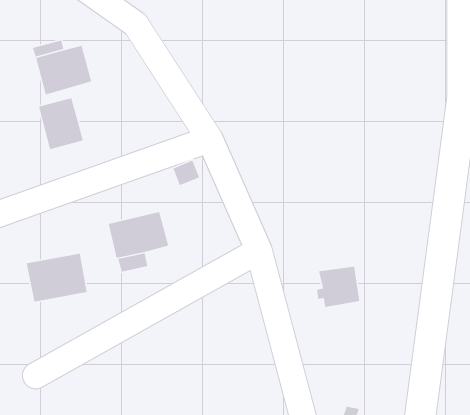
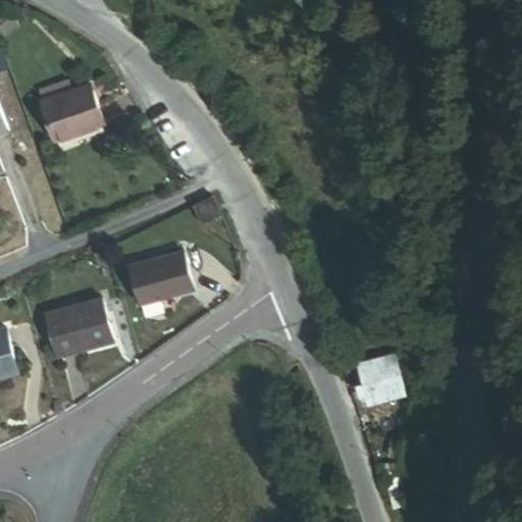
building: [38,97,84,150] -> none
building: [316,266,360,308] -> [355,357,402,403]

